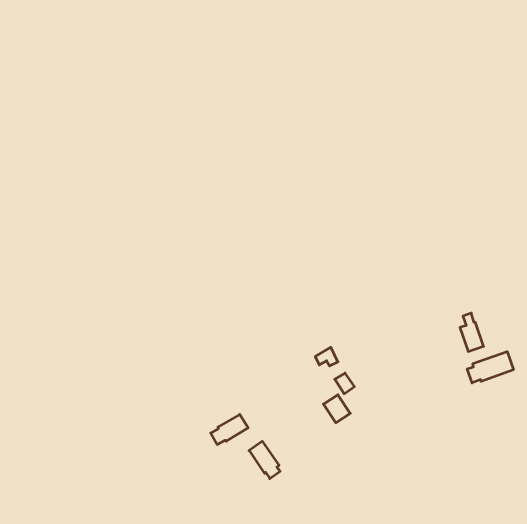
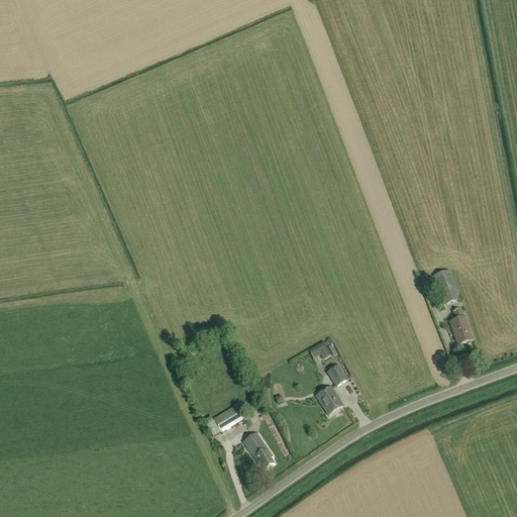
building: none -> [433,269,459,303]
building: [467,352,513,383] -> none

